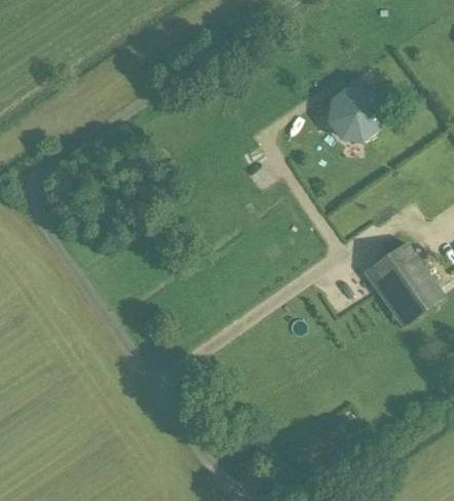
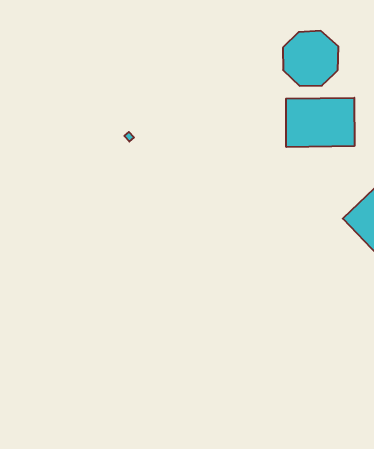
building: none -> [286,98,354,147]

